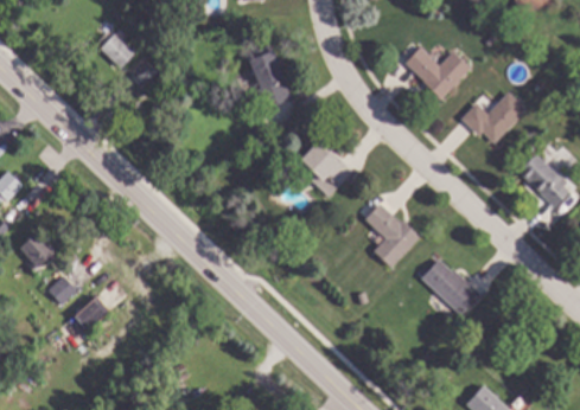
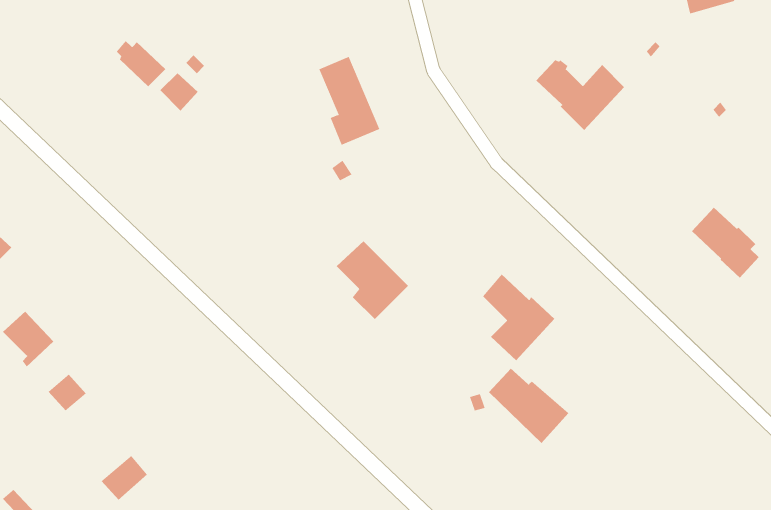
building: [461,92,527,143] -> none
building: [300,140,353,198] -> [336,240,409,320]
building: [422,261,482,316] -> [488,368,569,444]
building: [75,297,109,331] -> [101,455,148,500]

